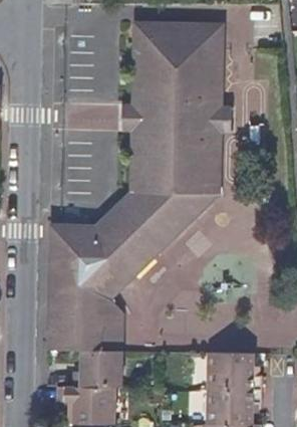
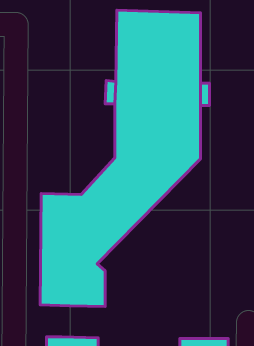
building: [73,352,122,389] -> none
building: [207,353,261,389] -> none

